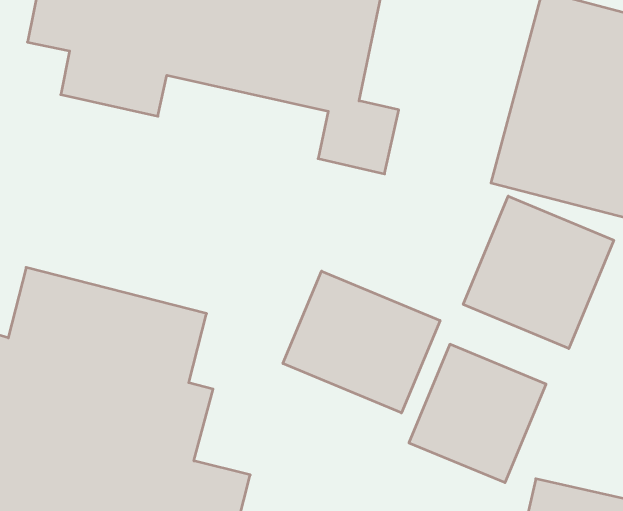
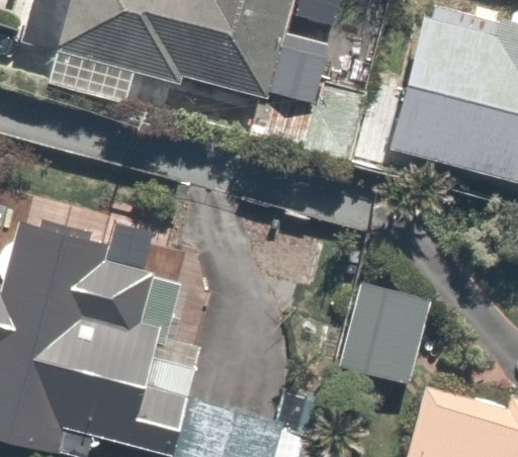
building: [463,196,614,349] -> none
building: [283,271,440,413] -> none

